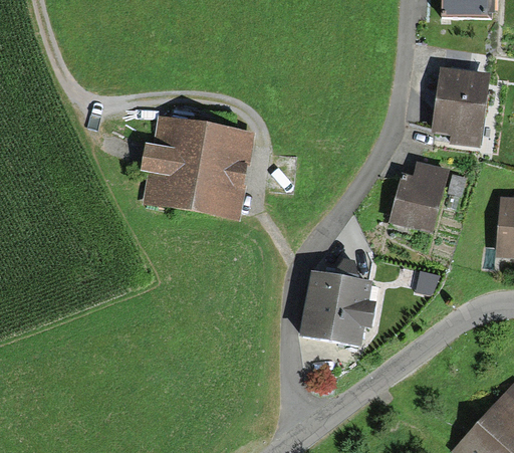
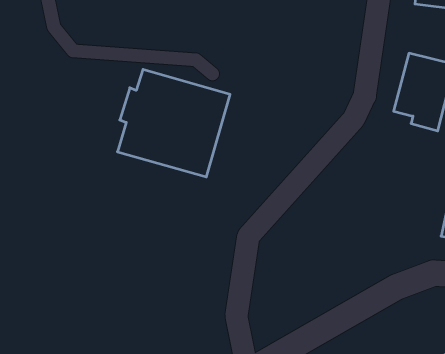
building: [388,161,449,233] -> none
building: [300,273,376,349] -> none

